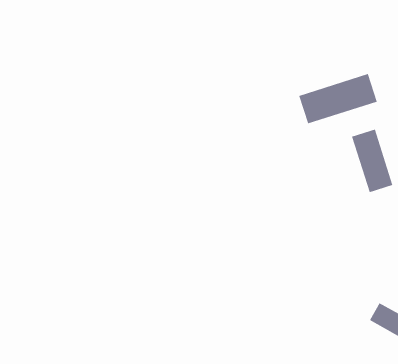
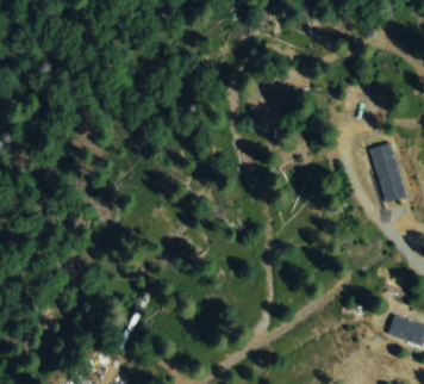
building: [298,73,377,124] -> none

